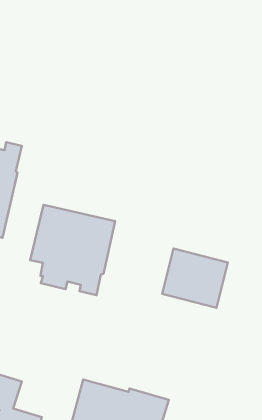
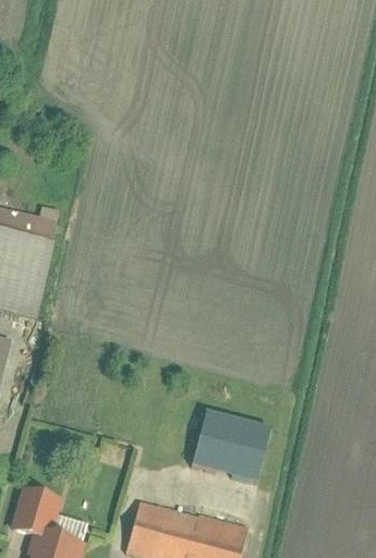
building: [30,205,115,295] -> none
building: [162,248,228,308] -> [183,410,265,484]

